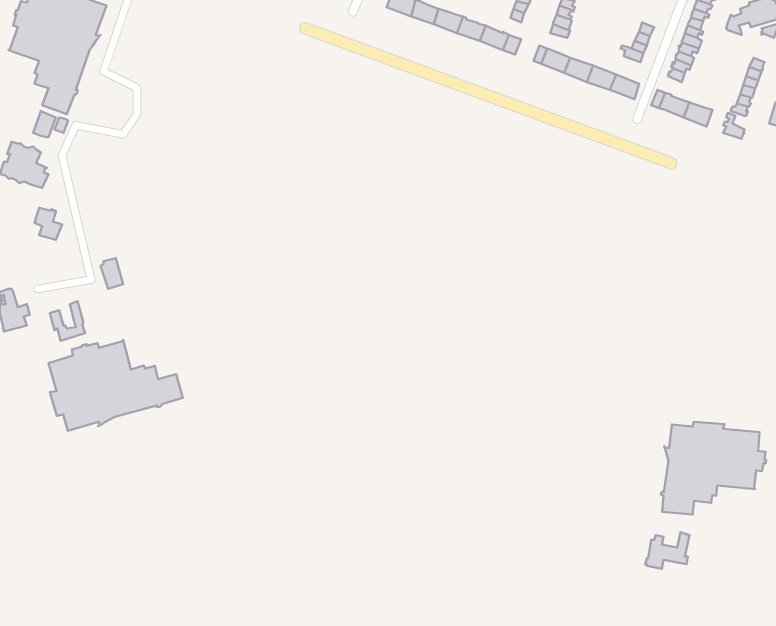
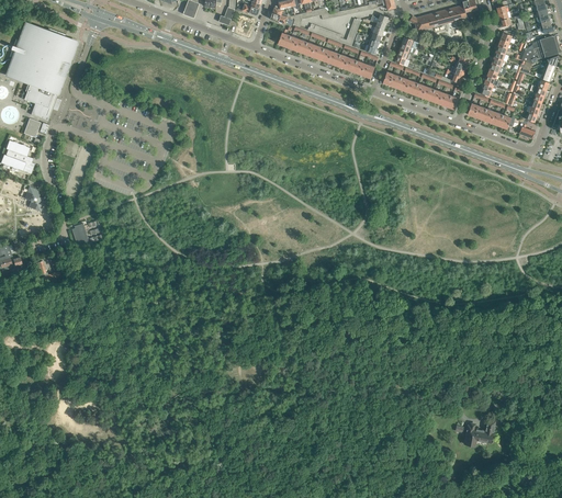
building: [48,340,183,431] -> none
building: [661,422,766,514] -> none

